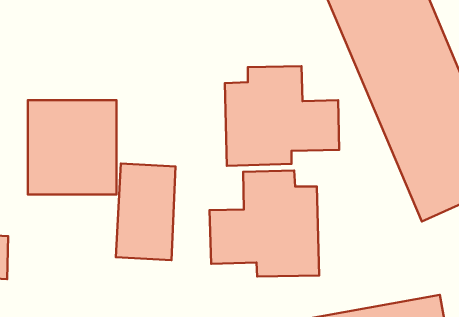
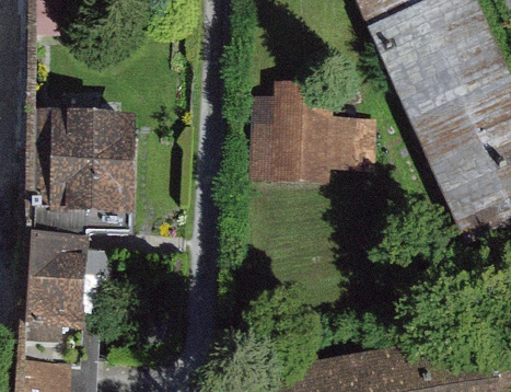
building: [116,164,175,260] -> [19,239,84,345]
building: [210,170,319,276] -> none

